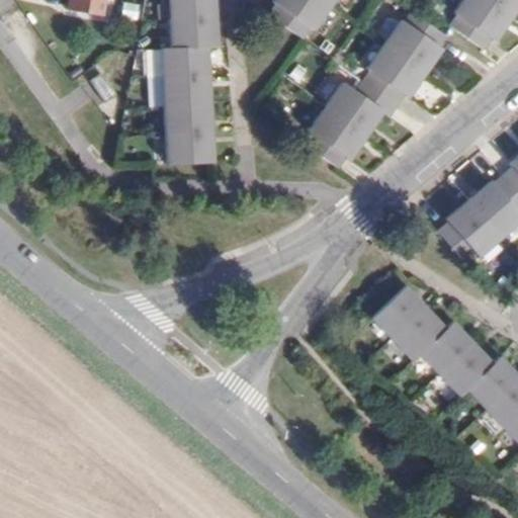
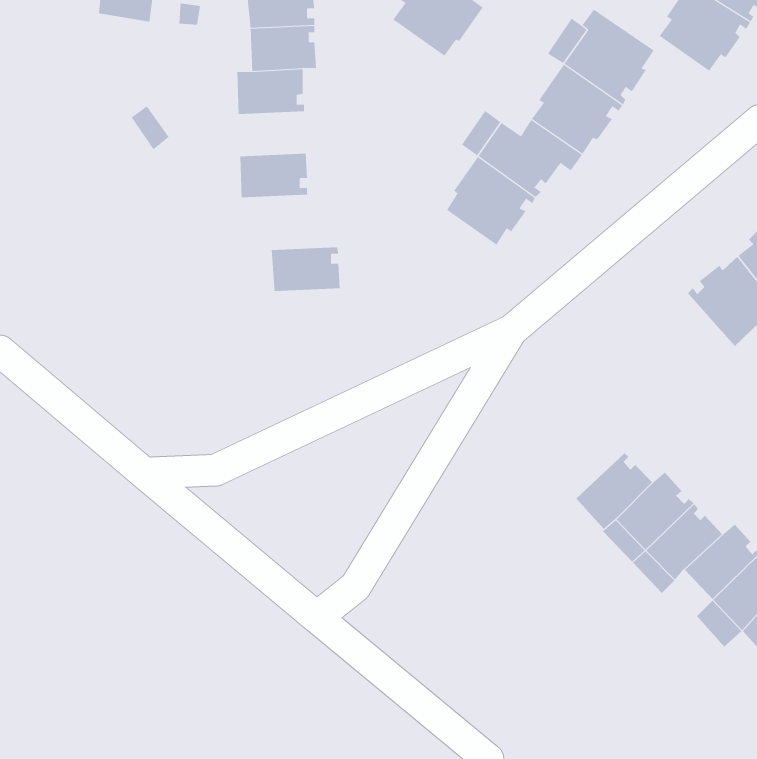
building: [164,76,210,106] -> none
building: [166,133,213,163] -> [271,247,341,291]
building: [439,199,502,261] -> none
building: [373,286,427,339] -> none

